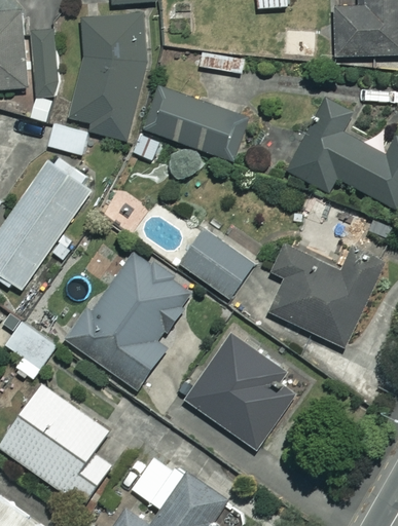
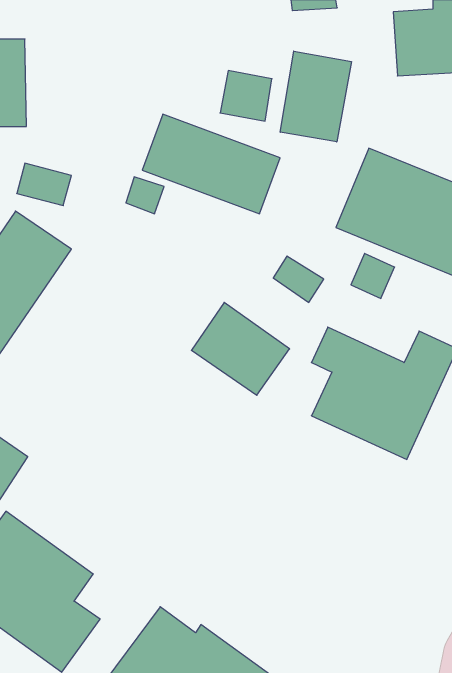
building: [64,12,148,140] -> none
building: none -> [280,51,351,142]
building: [68,252,191,389] -> none
building: [185,335,292,451] -> none

